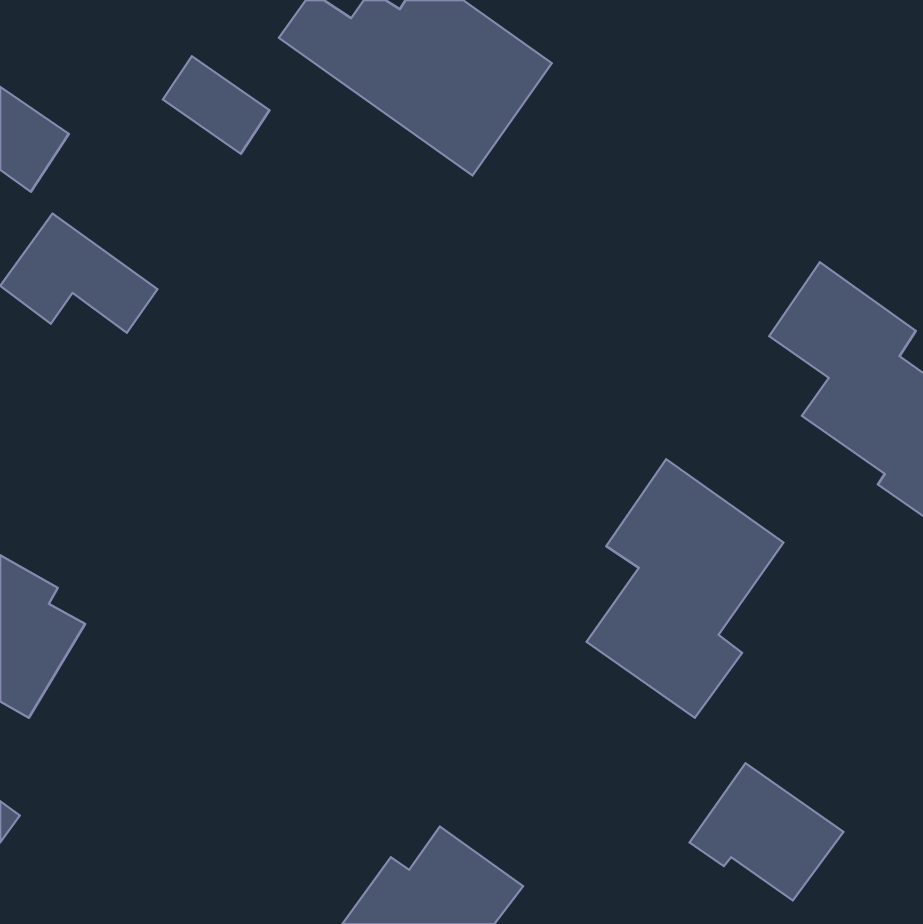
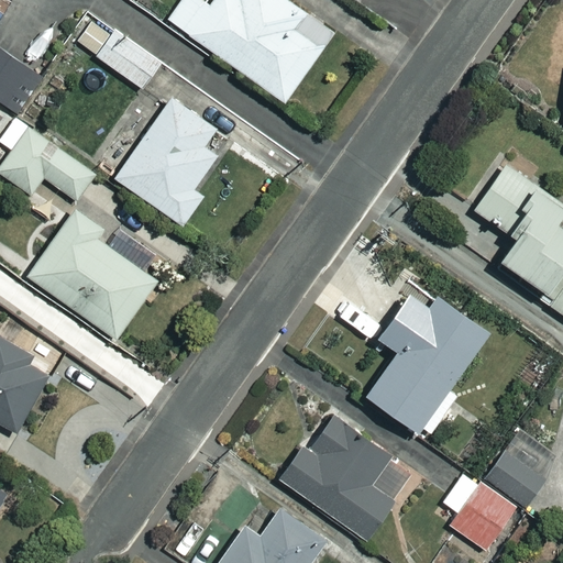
building: none -> [119,102,220,230]
building: none -> [32,214,169,342]
building: none -> [271,411,409,536]
building: none -> [482,441,545,501]

